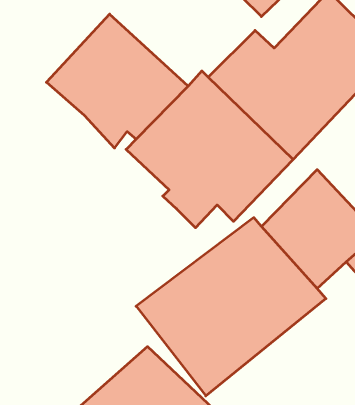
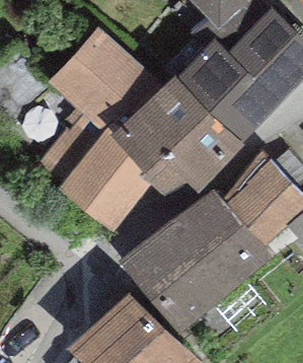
building: none -> [41,107,152,232]

